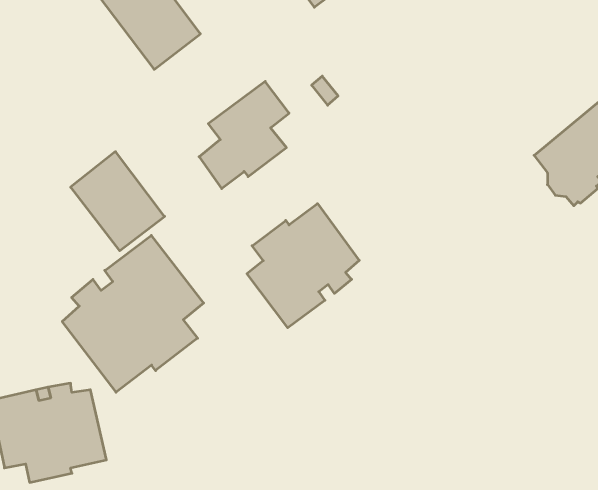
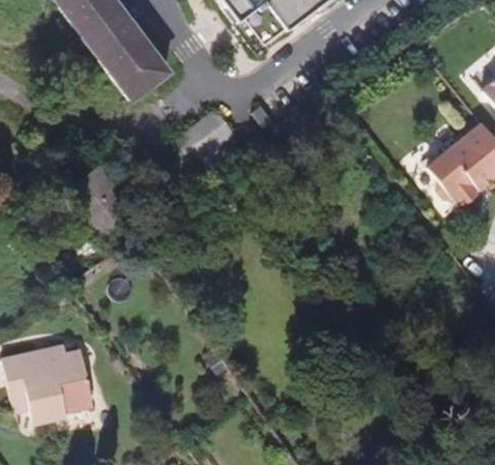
building: [247,204,359,328] -> none
building: [62,235,204,392] -> none

